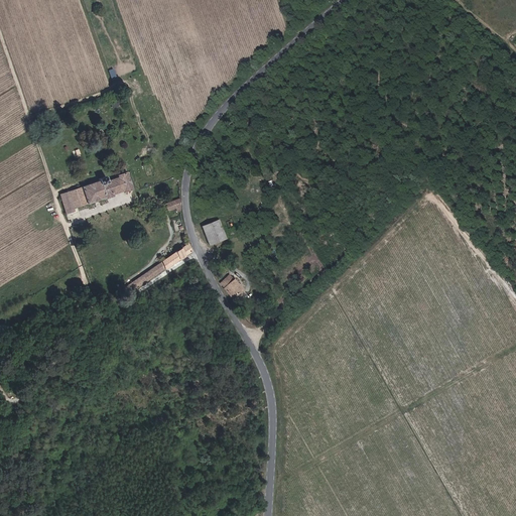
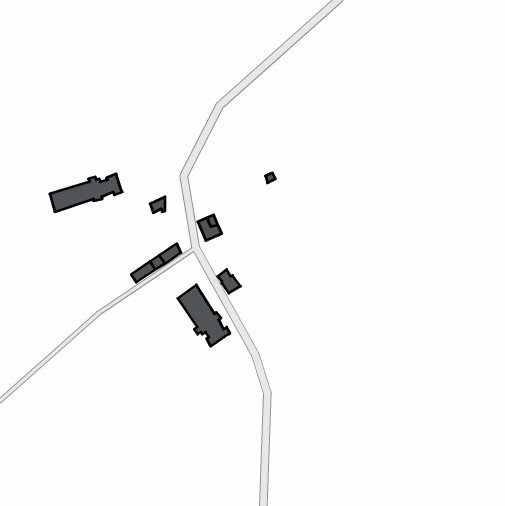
building: none -> [178,285,230,346]

